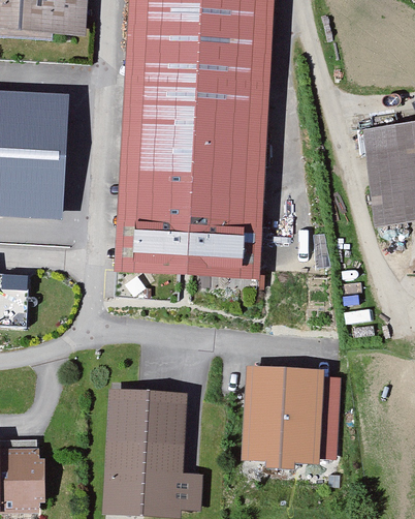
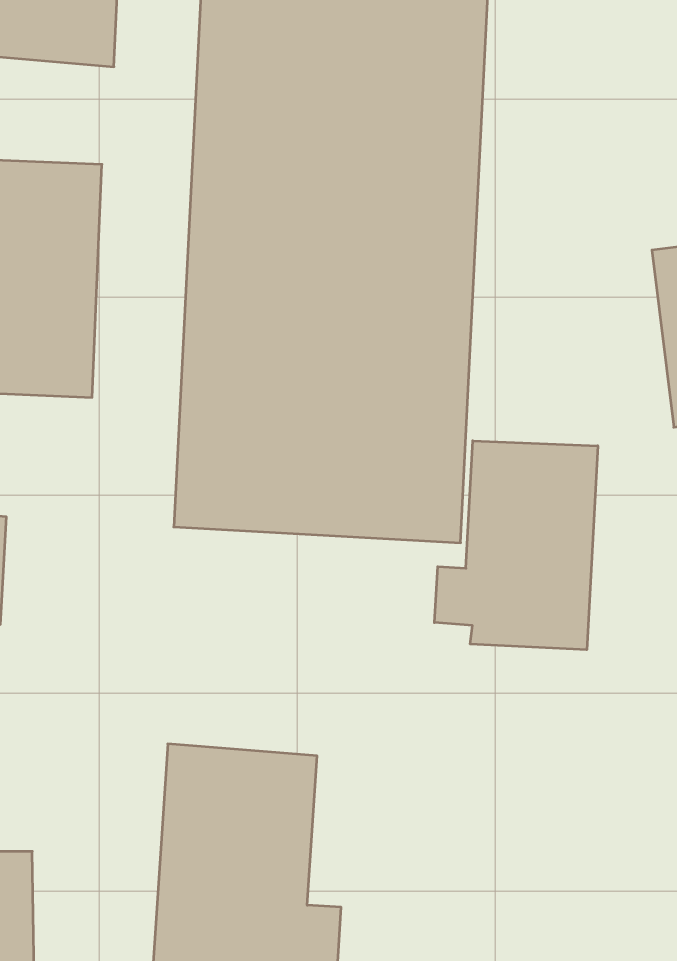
building: none -> [434,441,598,650]
building: [241,365,324,465] -> none

